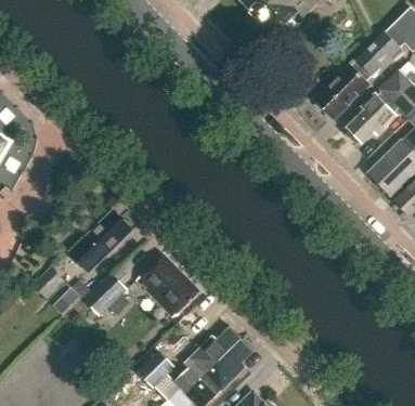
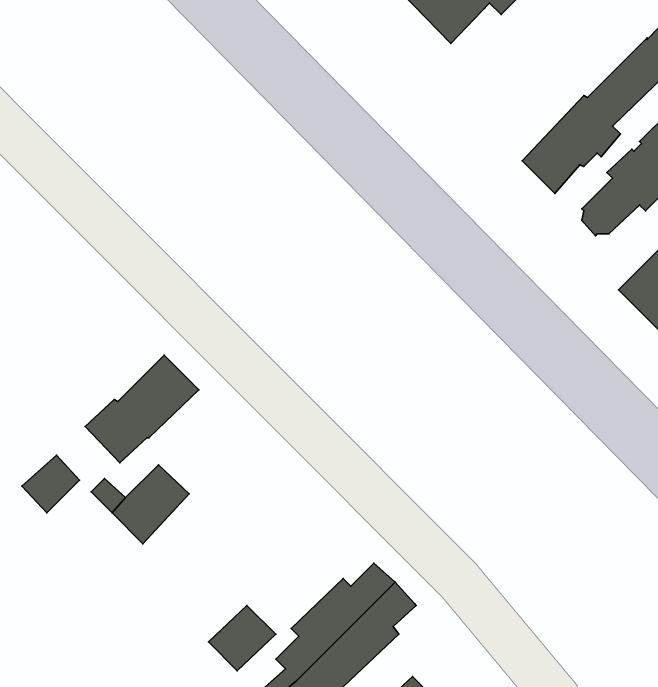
building: [137,253,199,316] -> none

